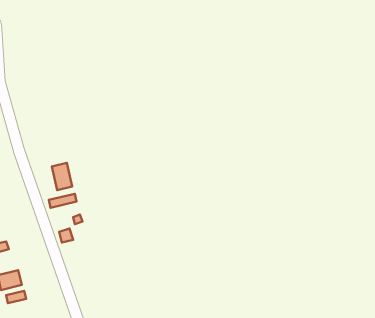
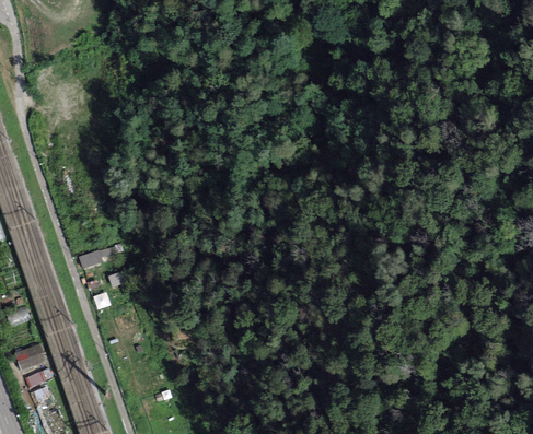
building: [52,163,72,190] -> none

